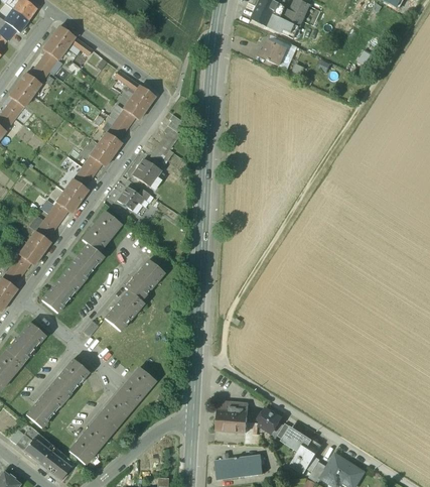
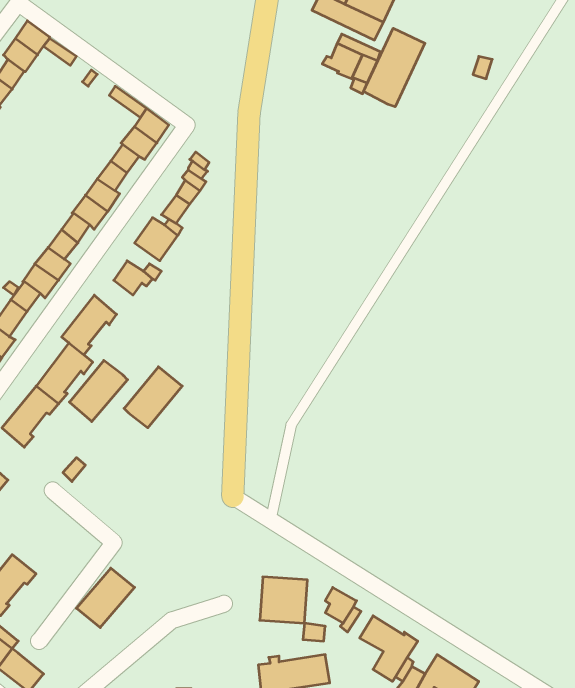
building: none -> [363,28,425,107]
building: [104,290,143,332] -> [69,360,128,422]
building: [48,359,88,399] -> none
building: [115,368,154,408] -> none
building: [68,422,108,464] -> none

